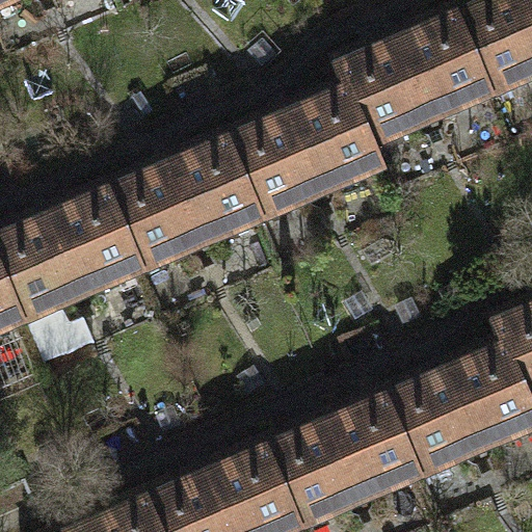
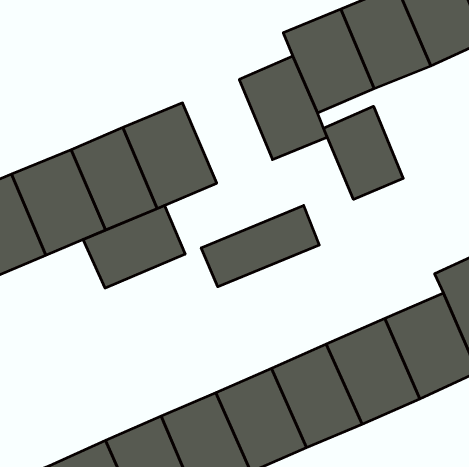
building: [224,110,320,220] -> none
building: none -> [324,106,403,199]
building: none -> [83,205,185,288]
building: none -> [201,205,319,287]

